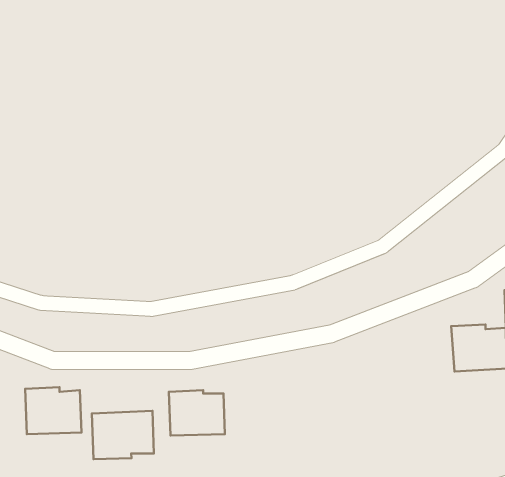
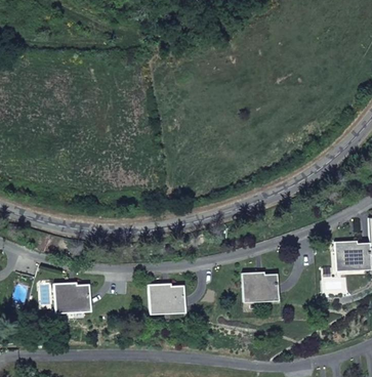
building: none -> [242,271,279,302]
building: [92,411,154,459] -> none

